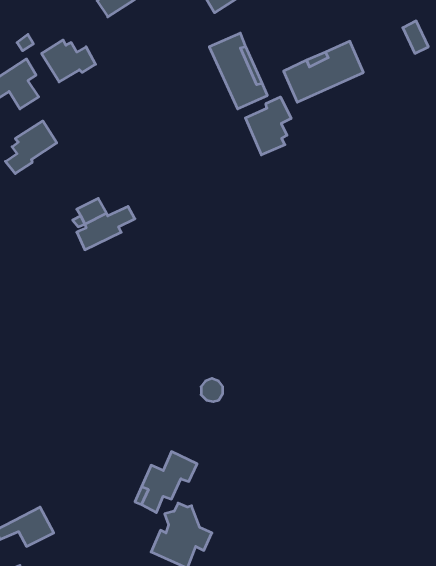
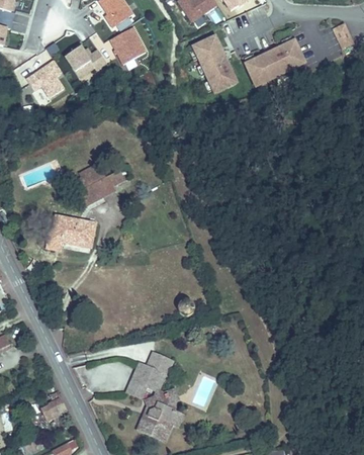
building: none -> [107,27,143,64]
building: [245,97,291,155] -> none
building: [5,121,57,174] -> none
building: none -> [52,215,100,245]

